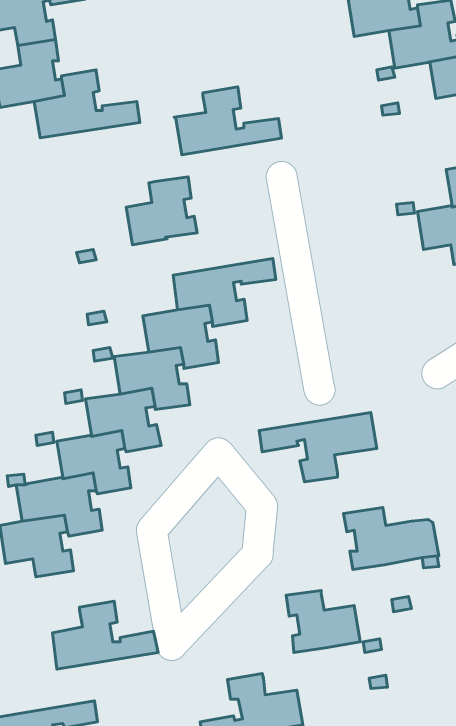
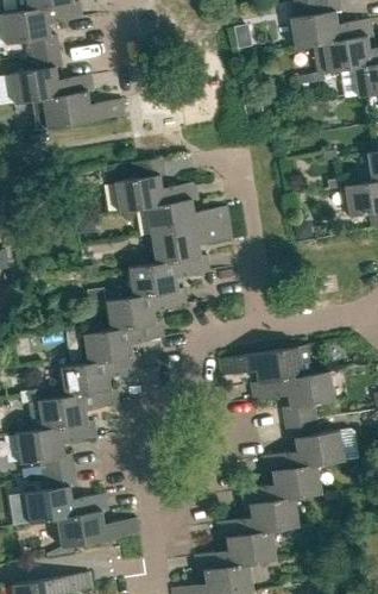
building: [174,87,281,155] -> [145,183,229,237]
building: none -> [278,371,334,425]
building: none -> [263,452,321,501]
building: none -> [24,470,80,524]
building: none -> [218,518,276,568]

